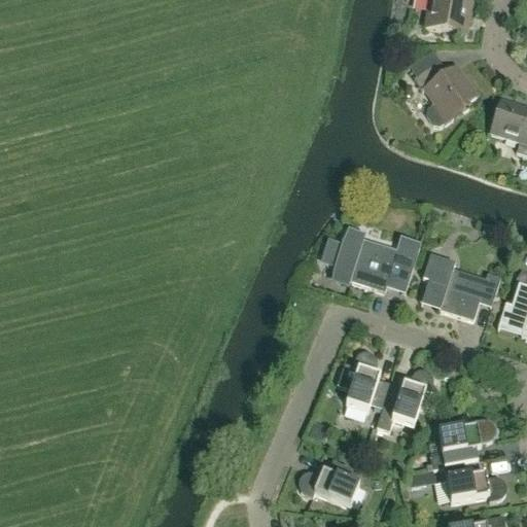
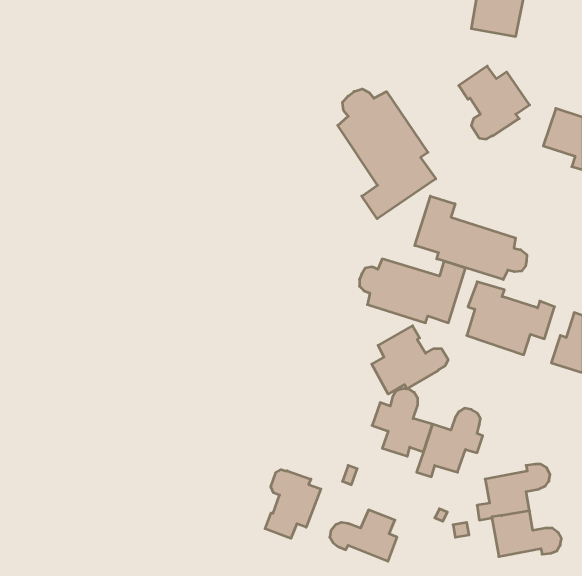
building: none -> [338,89,436,219]
building: none -> [415,196,527,280]
building: none -> [372,326,448,394]
building: none -> [265,470,321,538]

